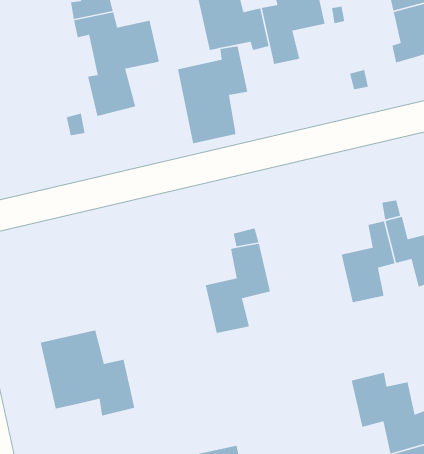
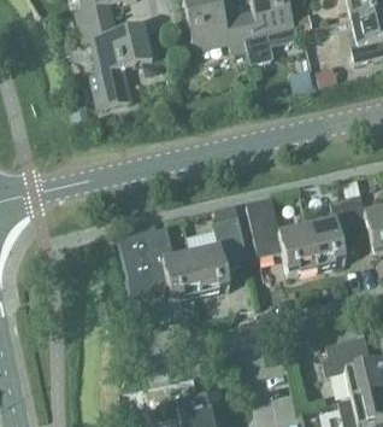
building: [177,45,248,144] -> none
building: none -> [246,198,317,275]
building: [40,330,135,416] -> [118,228,200,303]

